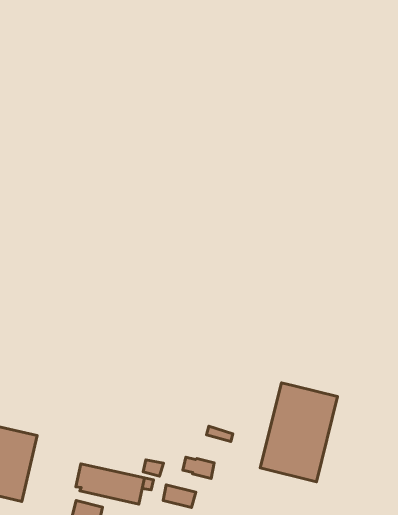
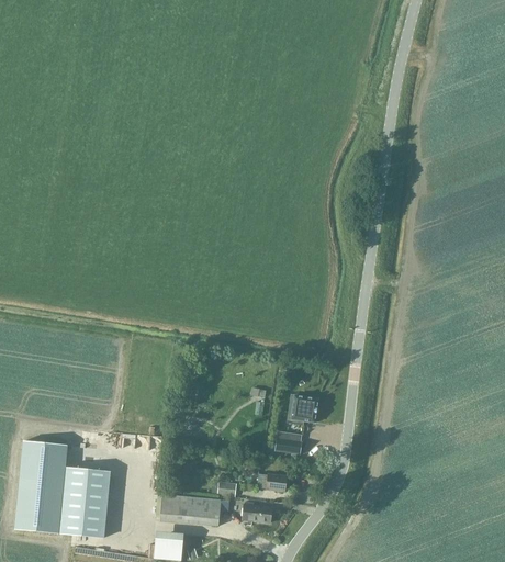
building: none -> [287,393,319,423]
building: [260,383,337,482] -> none

